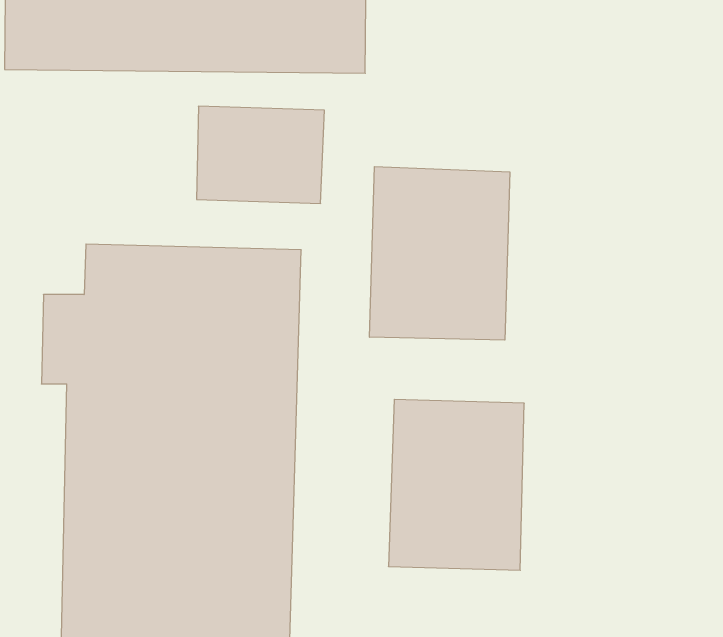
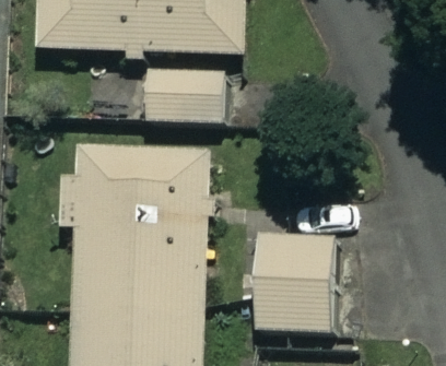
building: [370,167,510,340] -> none

